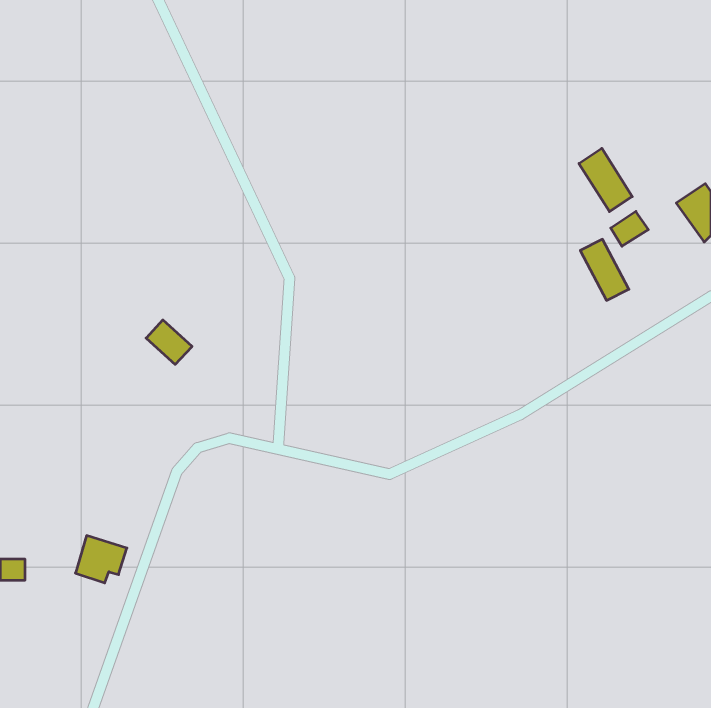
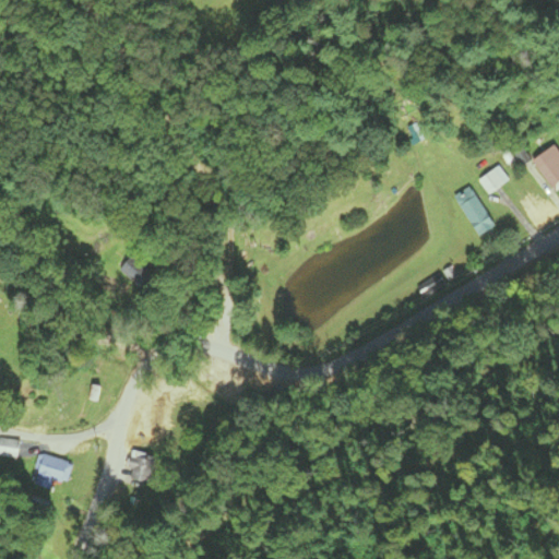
building: [579,148,632,212] -> none
building: [75,536,127,583] -> [31,452,71,489]
building: none -> [129,456,154,479]

